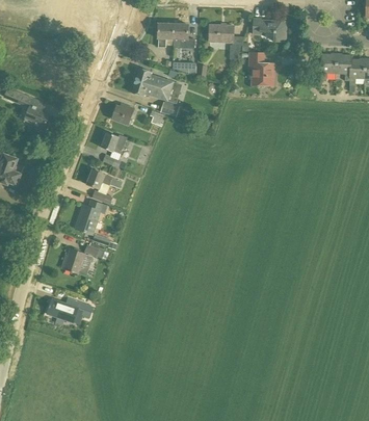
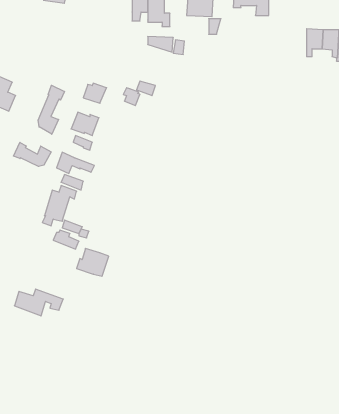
building: [249,52,273,84] -> none
building: [132,68,174,100] -> none
building: none -> [38,85,64,134]
building: none -> [14,142,51,166]
building: [62,248,93,274] -> [77,248,109,276]

